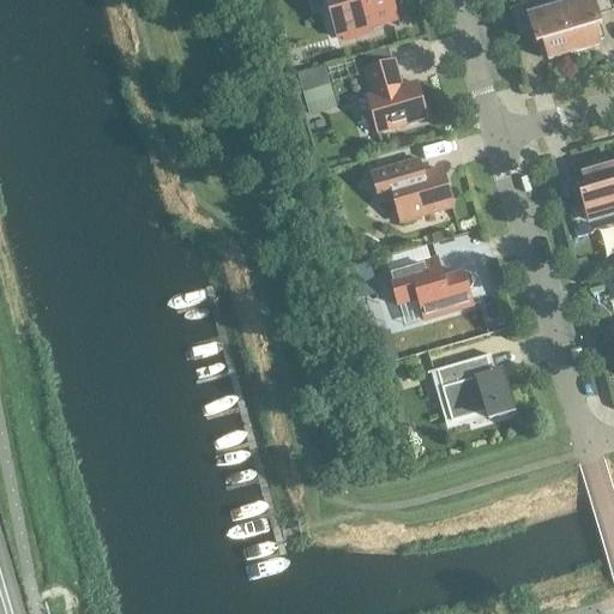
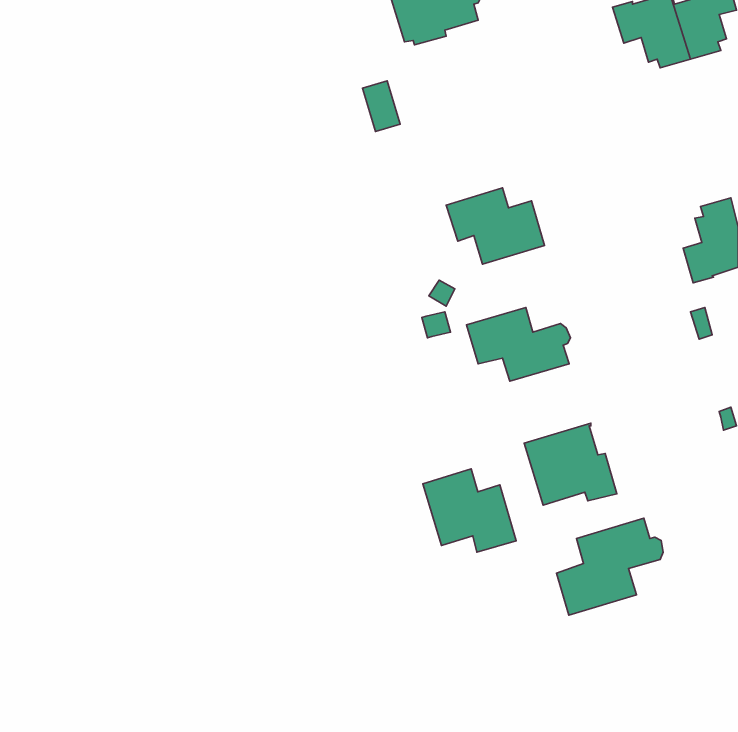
building: [365,59,426,130] -> none
building: none -> [423,469,516,552]
building: none -> [556,518,663,615]

